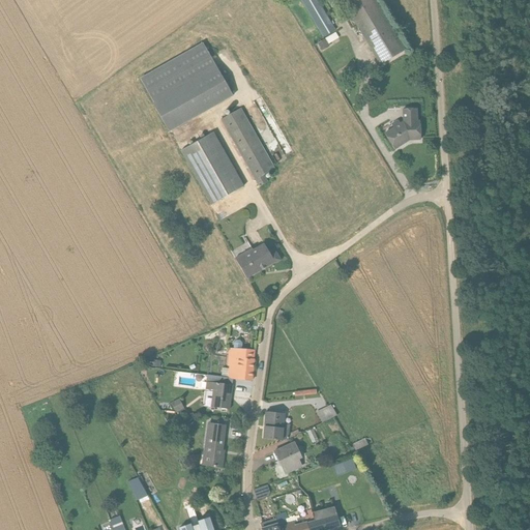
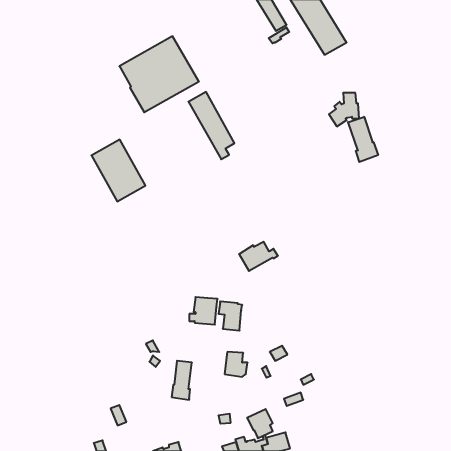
building: [181,131,244,204] -> [91,140,145,201]
building: none -> [348,117,378,162]
building: [236,243,282,277] -> [239,242,278,271]
building: [206,375,234,409] -> [218,301,242,331]
building: [273,441,303,475] -> [247,409,273,438]

